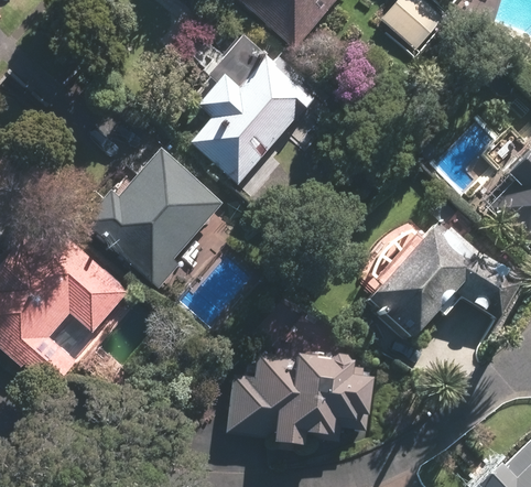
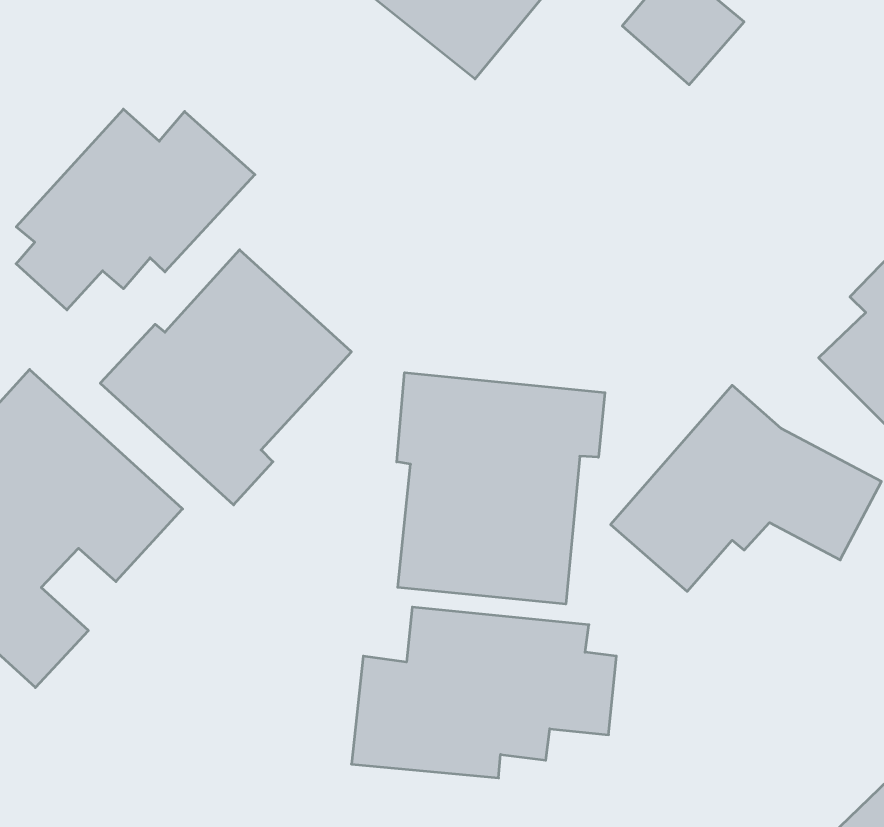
building: [189,34,315,206] -> none
building: none -> [16,109,255,310]
building: none -> [397,373,605,604]

